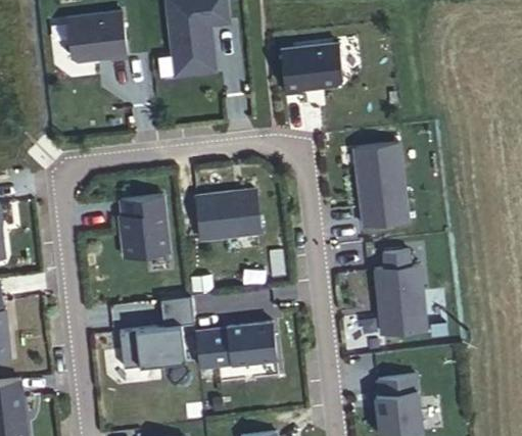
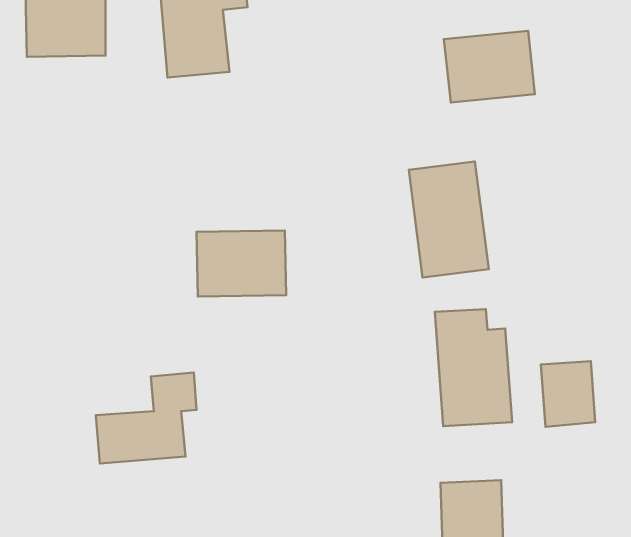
building: [276,42,343,95] -> [444,31,535,102]
building: [118,195,168,254] -> none
building: none -> [541,361,595,427]
building: [194,325,276,367] -> none

